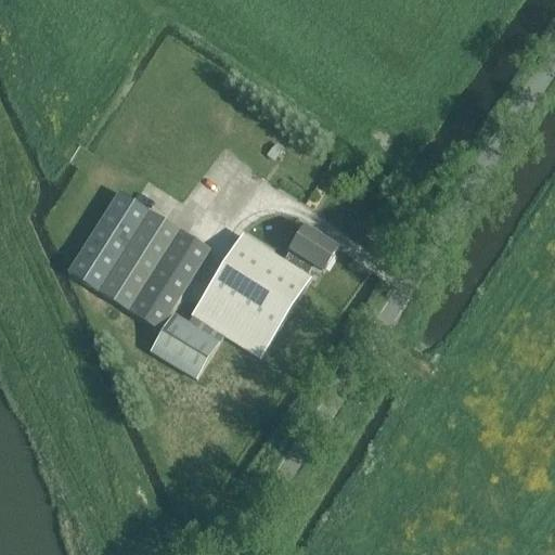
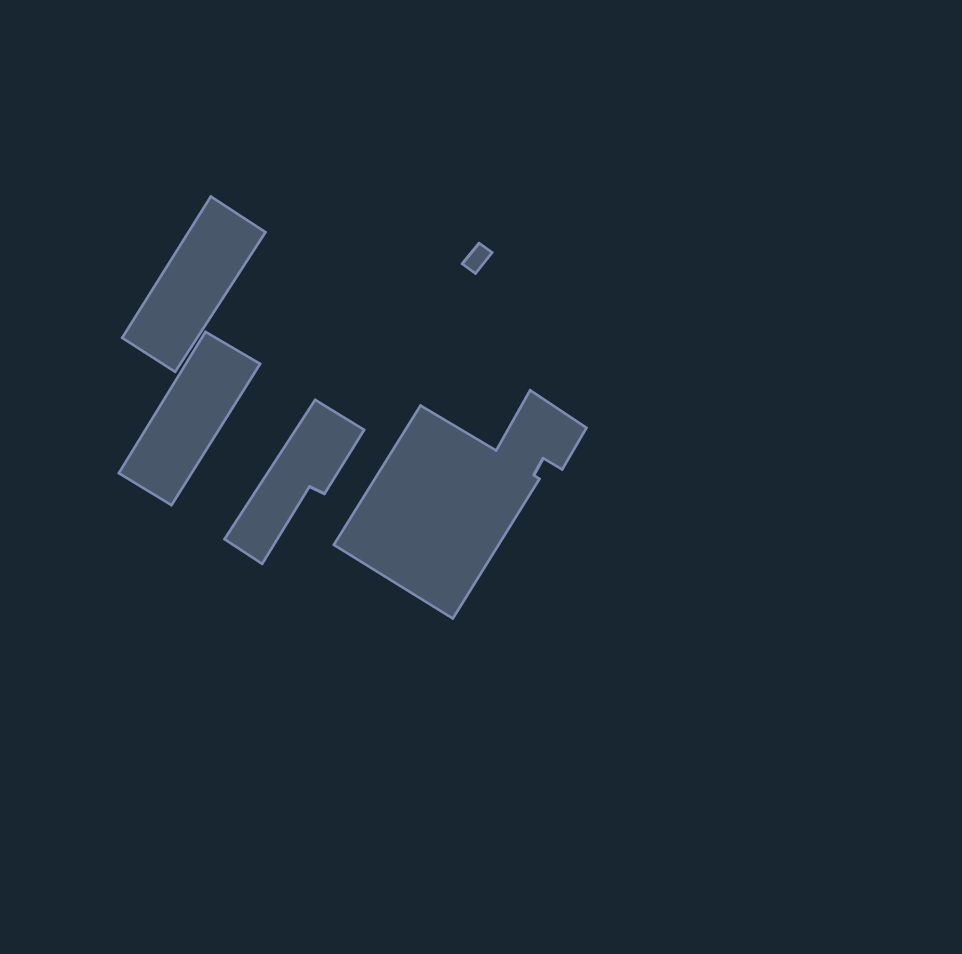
building: [99,209,181,310] -> [122,196,266,372]
building: [150,312,219,377] -> none

